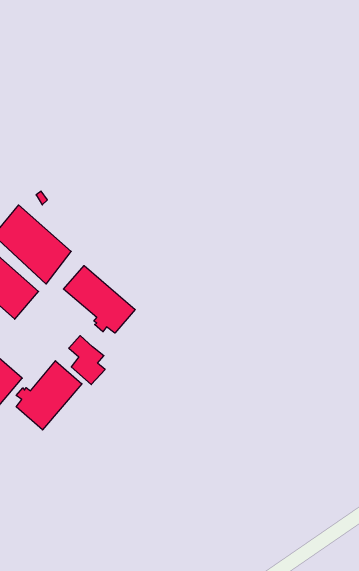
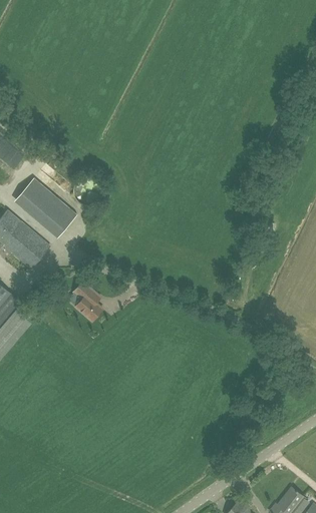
building: [63,266,135,333] -> none
building: [16,361,82,430] -> none

